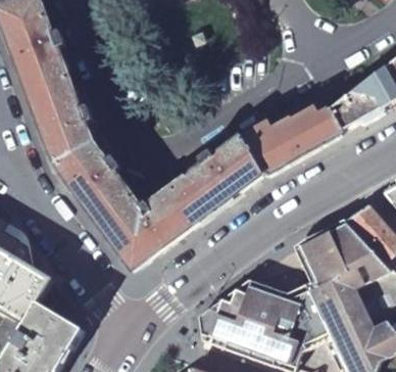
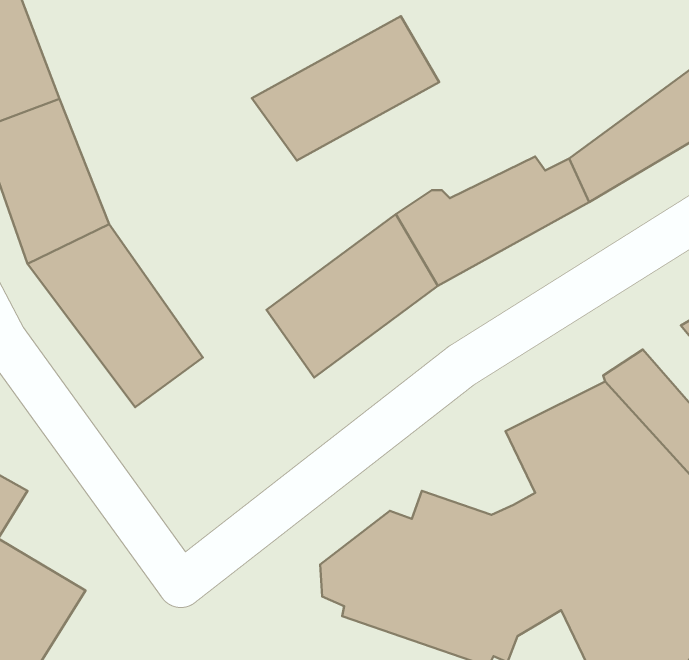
building: none -> [252,16,439,160]
building: [106,186,198,270] -> none

